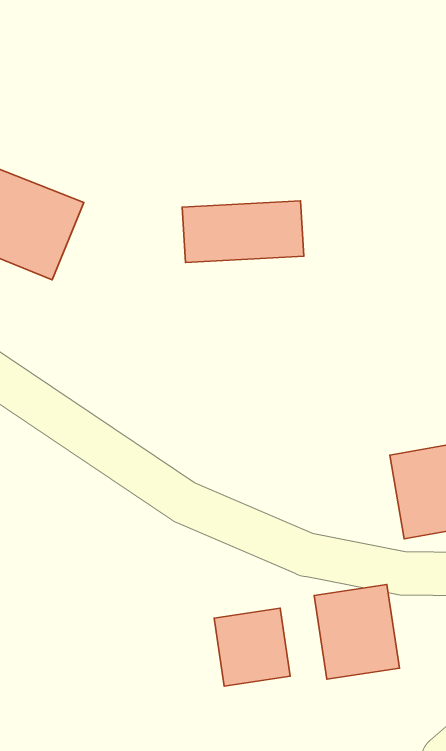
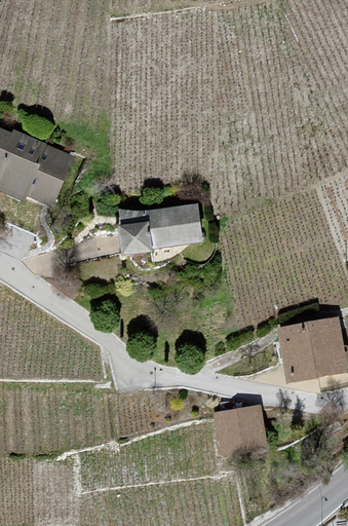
building: [182,201,304,262] -> [115,205,194,246]
building: [214,608,290,686] -> none

